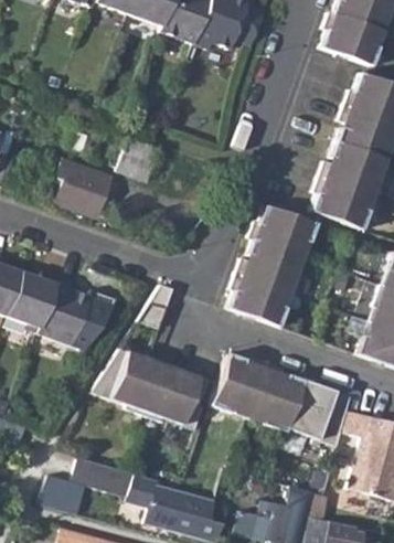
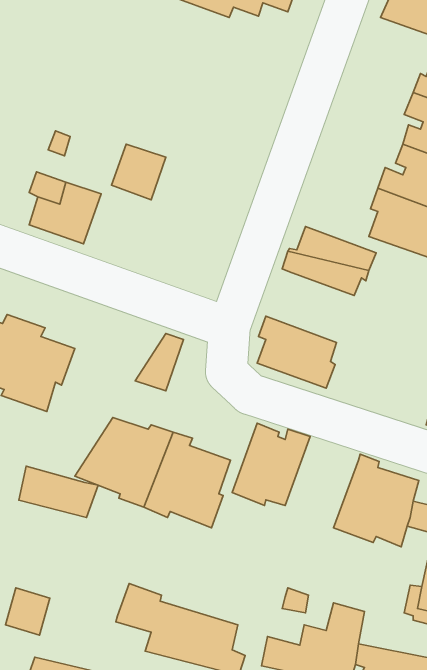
building: [237,238,308,291] -> none
building: [252,362,307,430] -> none
building: [75,458,135,497] -> [19,466,98,518]

